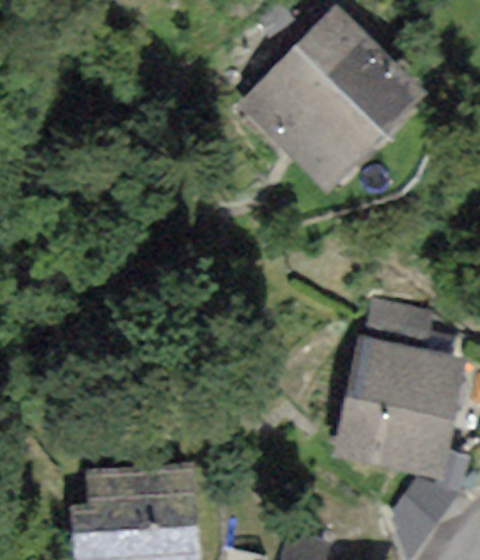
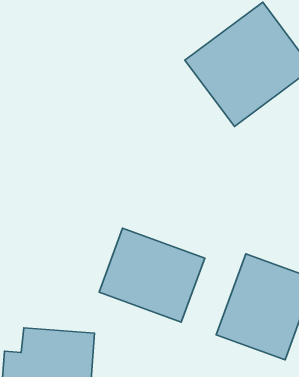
building: none -> [99,228,205,322]

